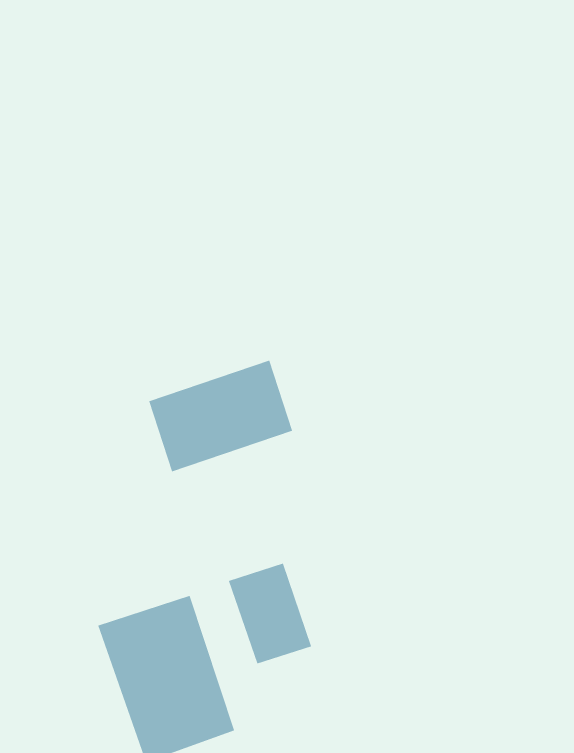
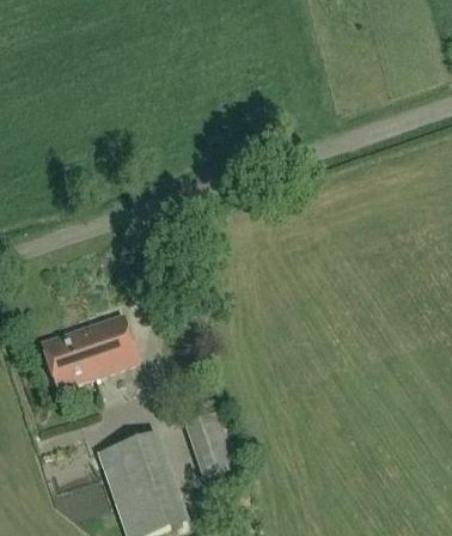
building: [148,360,293,472] -> [41,313,138,389]

